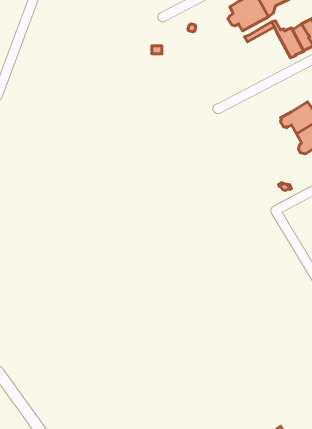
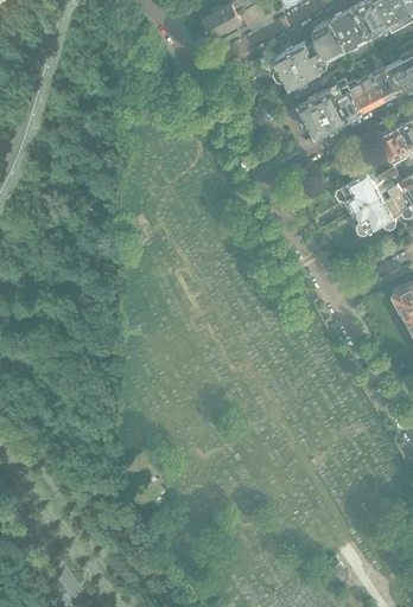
building: none -> [299,90,348,139]

